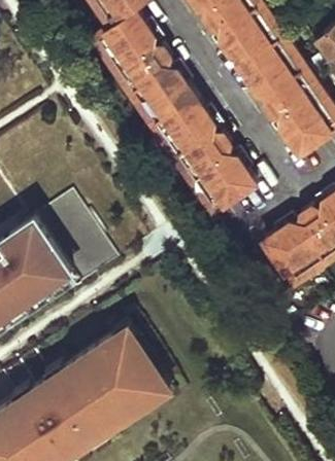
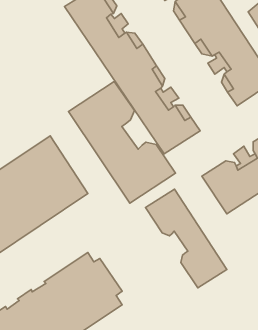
building: none -> [69,81,175,203]
building: none -> [146,189,227,288]

